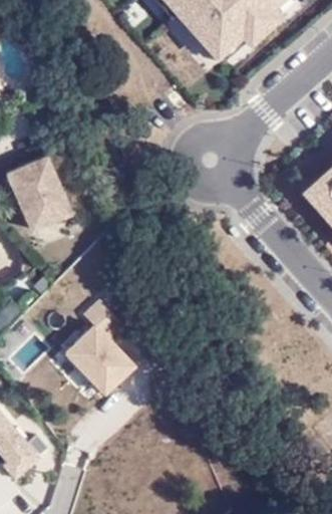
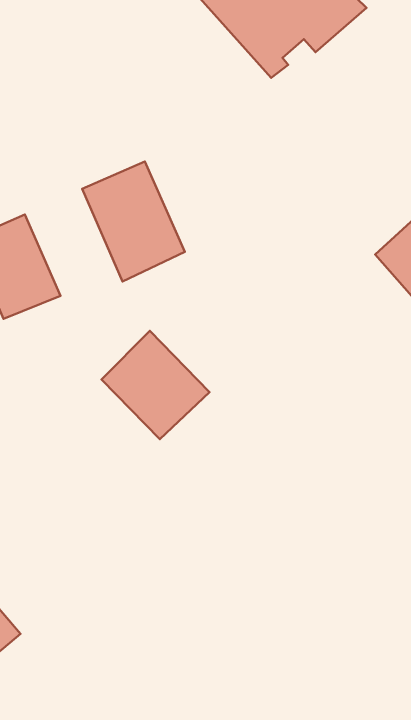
building: none -> [82,161,185,282]
building: [61,316,137,393] -> [101,331,210,439]

